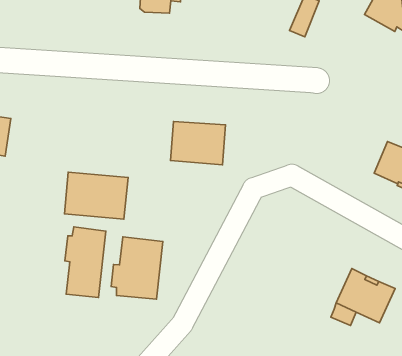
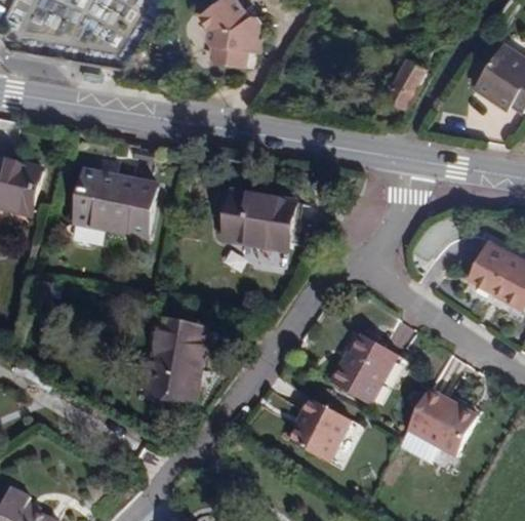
building: [65,172,128,219] -> [76,173,156,236]
building: [65,227,106,297] -> none
building: none -> [332,334,397,402]
building: none -> [289,396,350,458]

